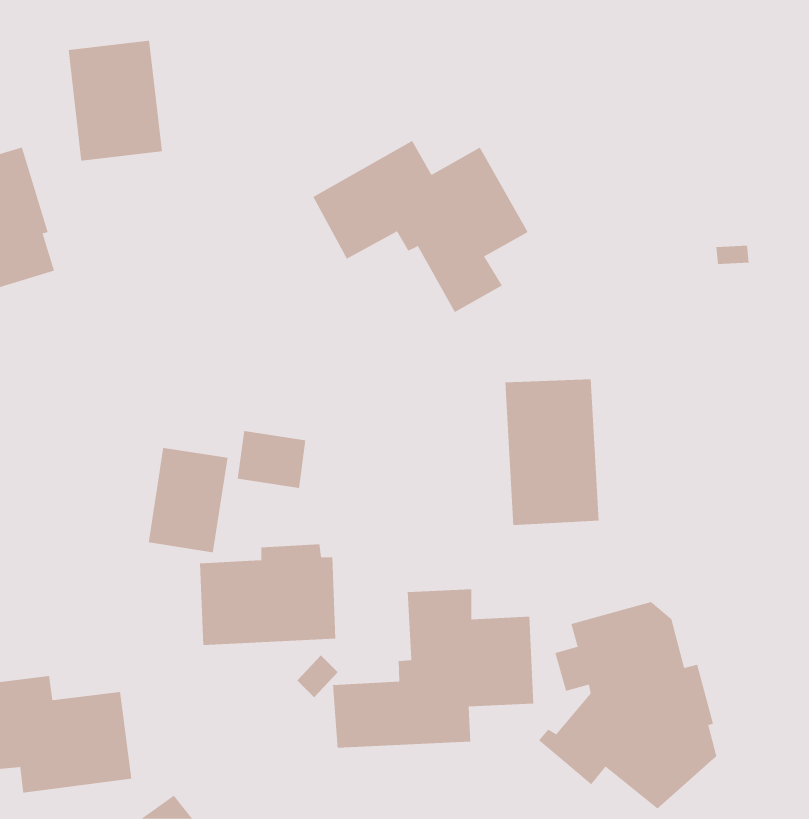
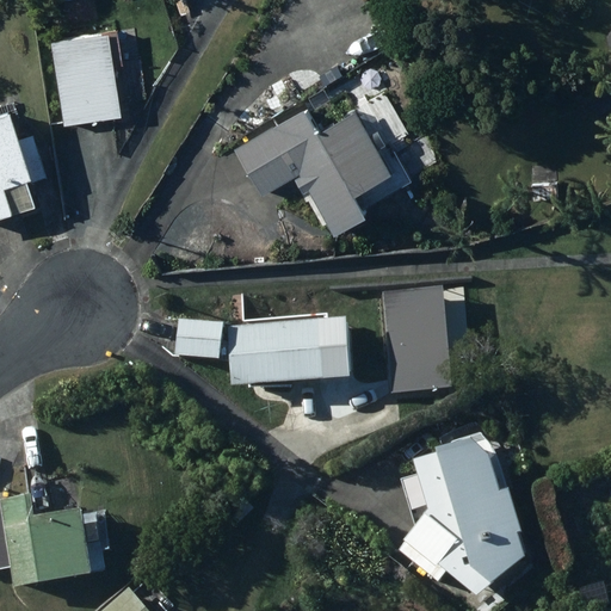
building: [148,447,228,553] -> none
building: [199,544,336,645] -> [232,311,333,387]
building: [332,588,534,749] -> none

